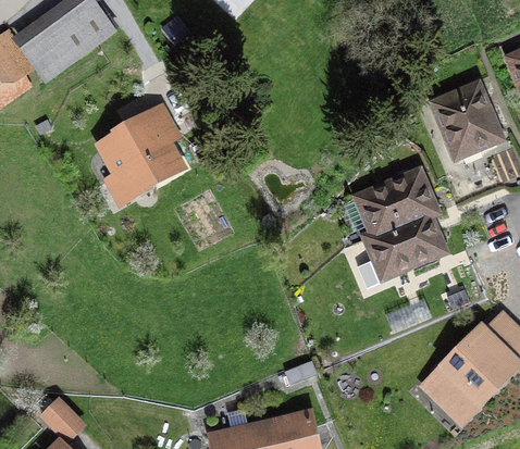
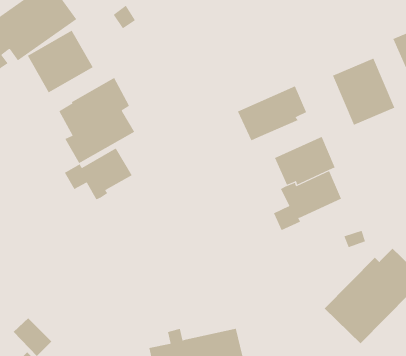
building: none -> [27,30,93,93]
building: none -> [237,85,307,141]
building: none -> [64,148,132,200]

